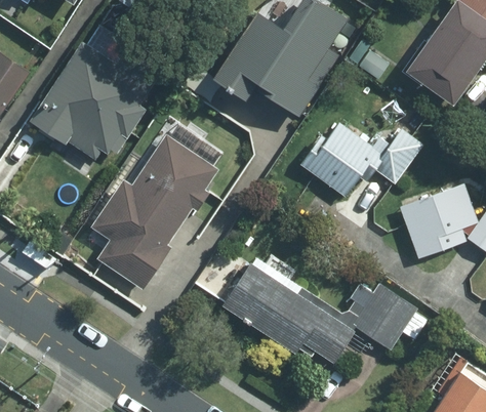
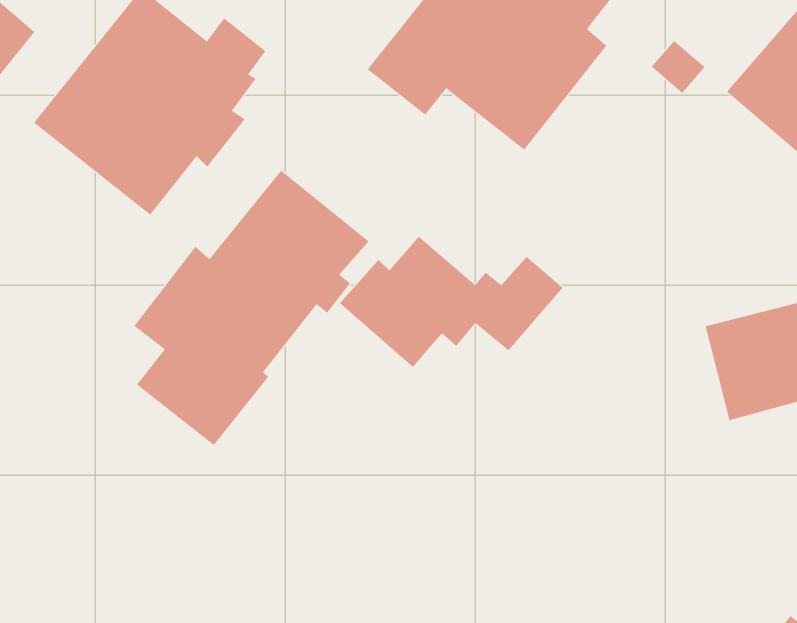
building: [302,124,423,196] -> [339,236,563,368]
building: [221,258,429,358] -> none

